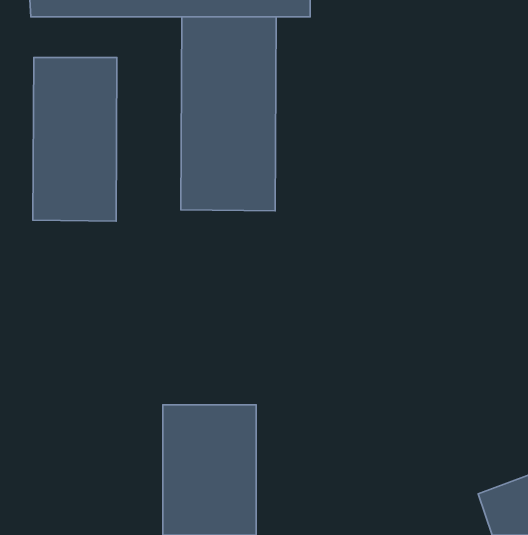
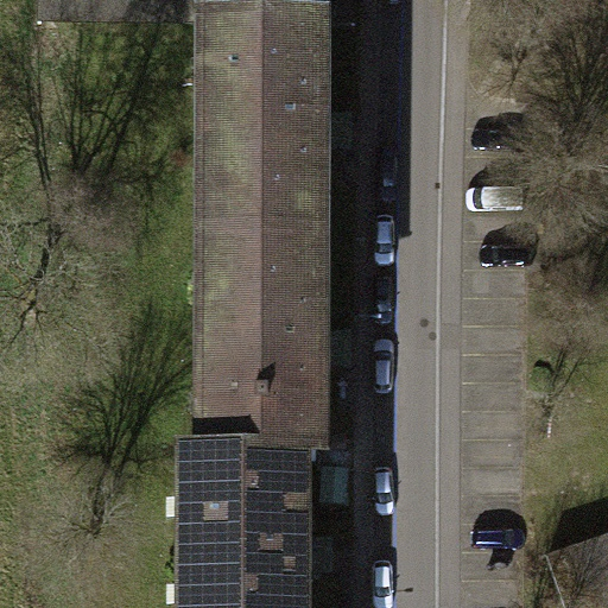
building: [33,57,117,221] -> none
building: none -> [215,235,323,454]

